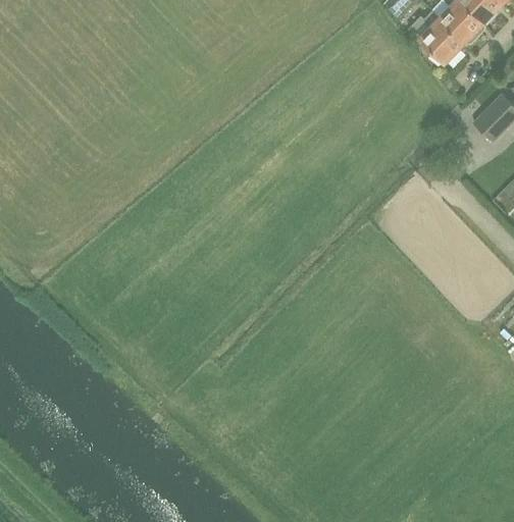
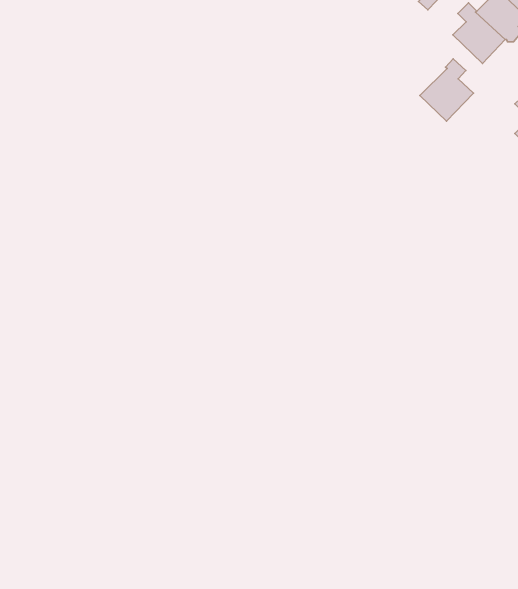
building: none -> [420,59,474,121]

